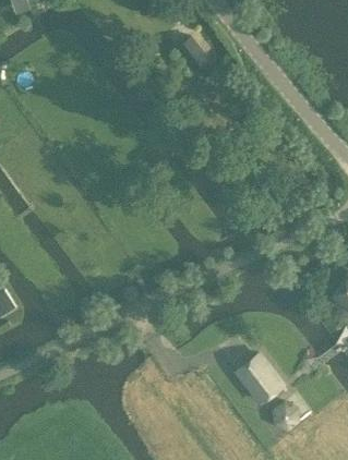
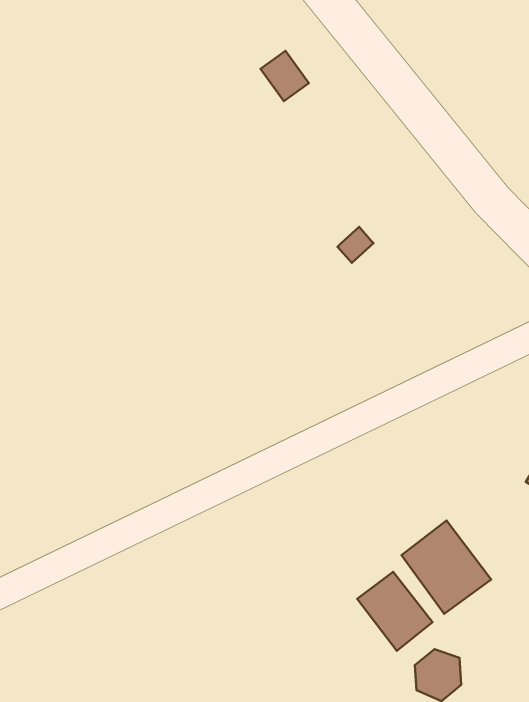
building: none -> [402,521,491,614]

